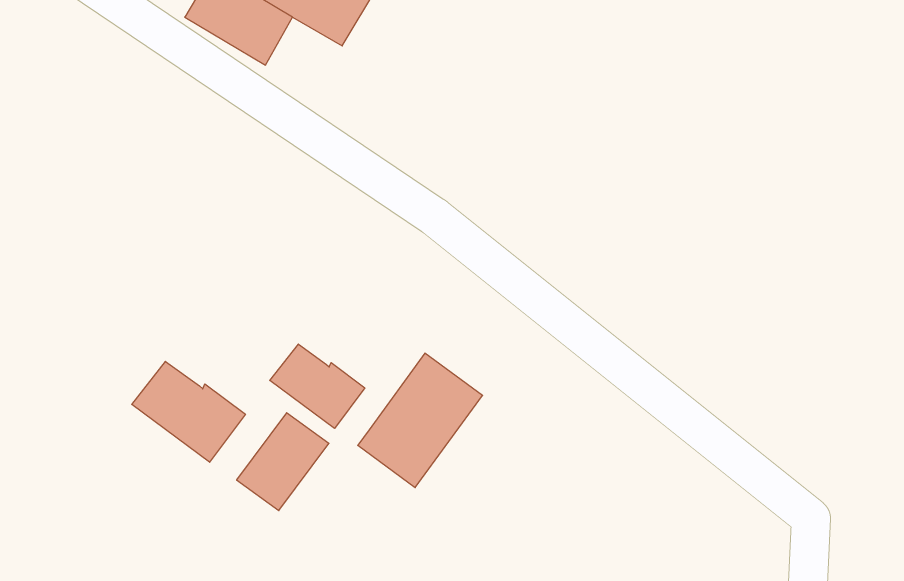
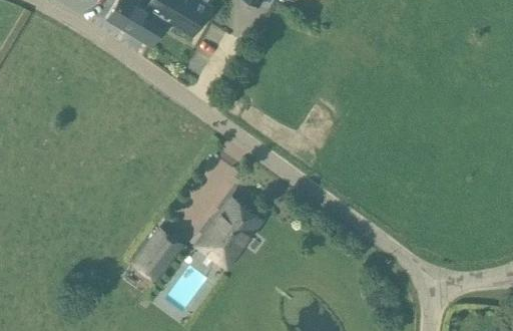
building: [270,344,365,428] -> none
building: [132,361,245,462] -> none

